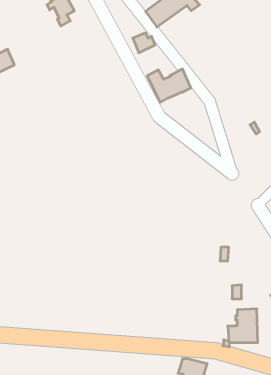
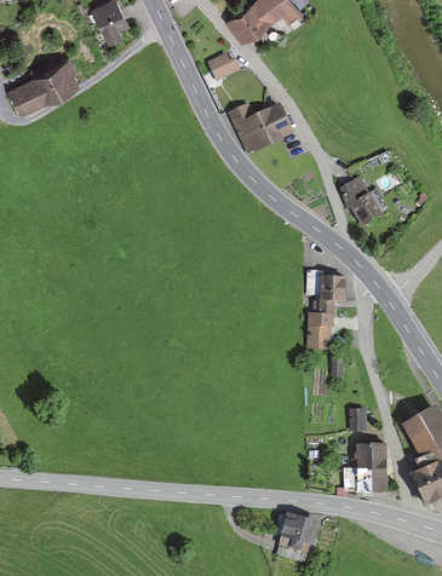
building: none -> [30,58,76,99]
building: none -> [340,178,386,224]
building: none -> [306,271,344,347]

